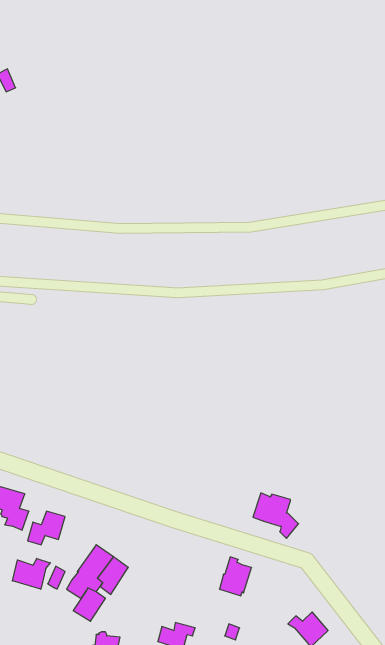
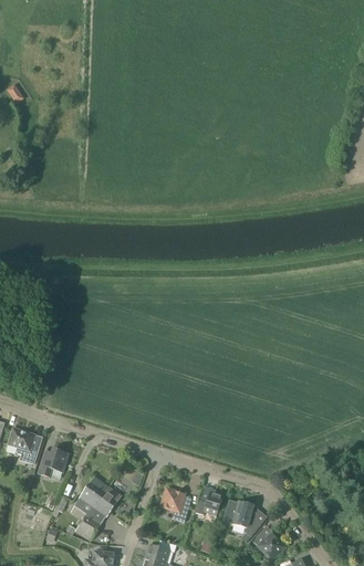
building: [253,493,299,538] -> [221,499,259,536]
building: none -> [159,486,188,522]
building: [12,558,50,589] -> none

